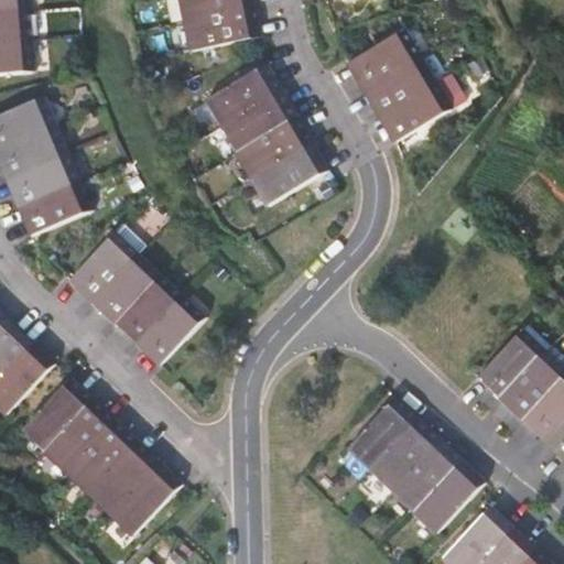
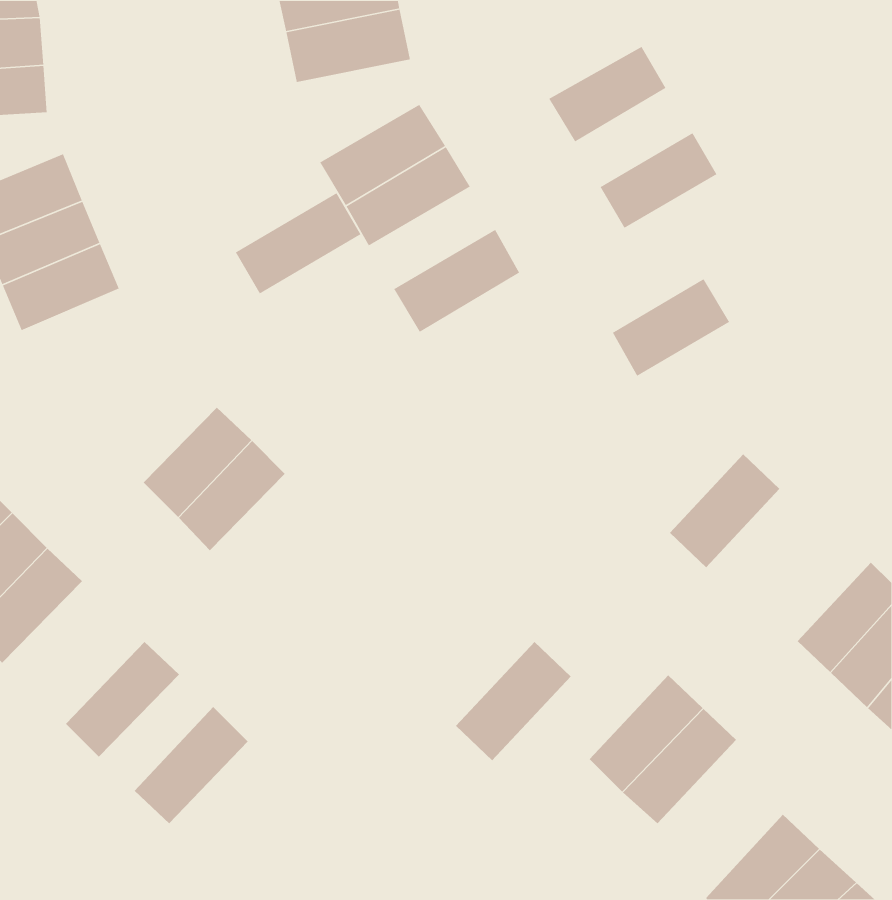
building: [359,55,433,117] -> [612,278,730,377]
building: [230,117,310,181] -> [235,192,362,294]
building: [13,181,87,236] -> none
building: [67,232,135,302] -> none
building: [131,296,200,366] -> none
building: [475,329,544,401] -> [669,454,780,568]
building: [19,379,90,453] -> none
building: [345,400,417,475] -> [455,641,572,761]
building: [62,422,133,495] -> none
building: [411,463,482,536] -> none
building: [106,464,177,538] -> none

